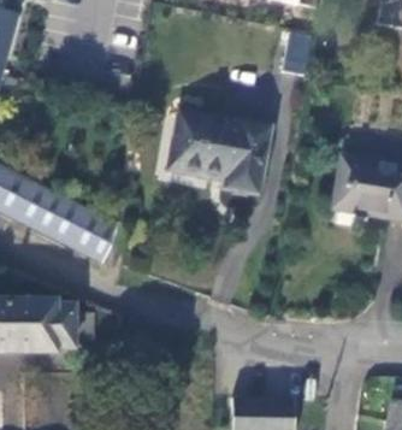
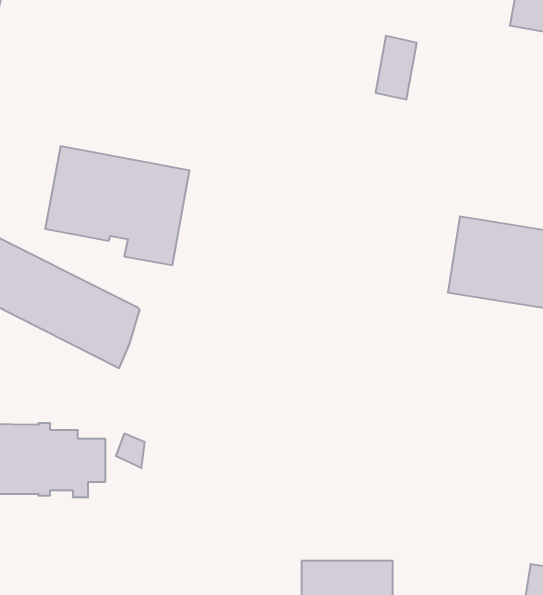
building: [167,111,268,194] -> [45,146,190,265]

